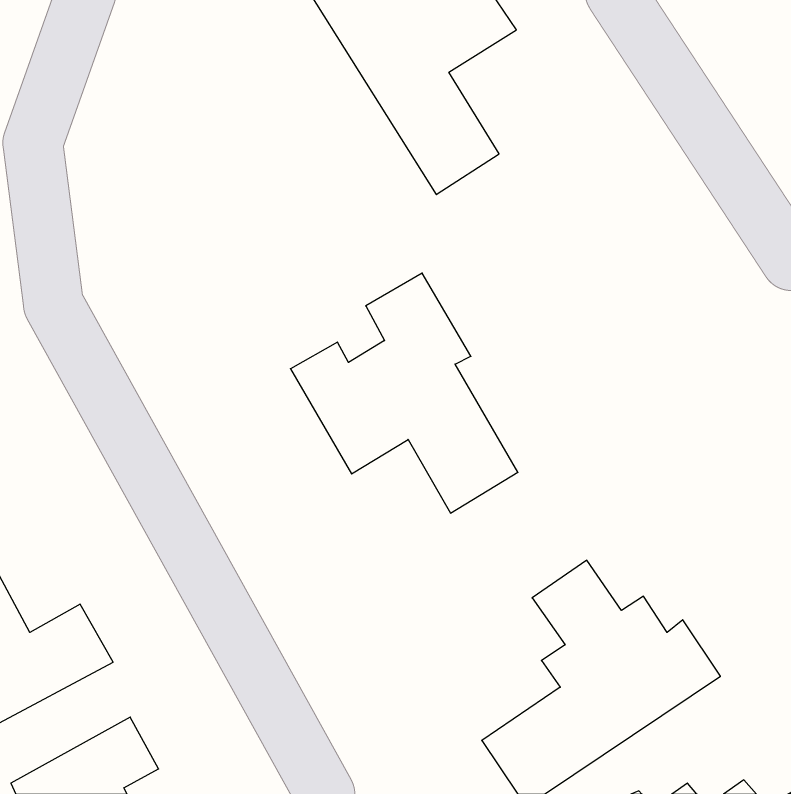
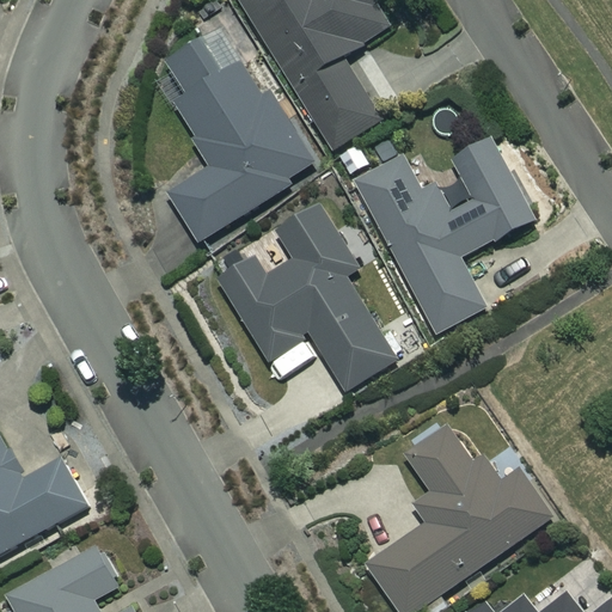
building: none -> [167,29,316,238]
building: none -> [356,139,536,330]

